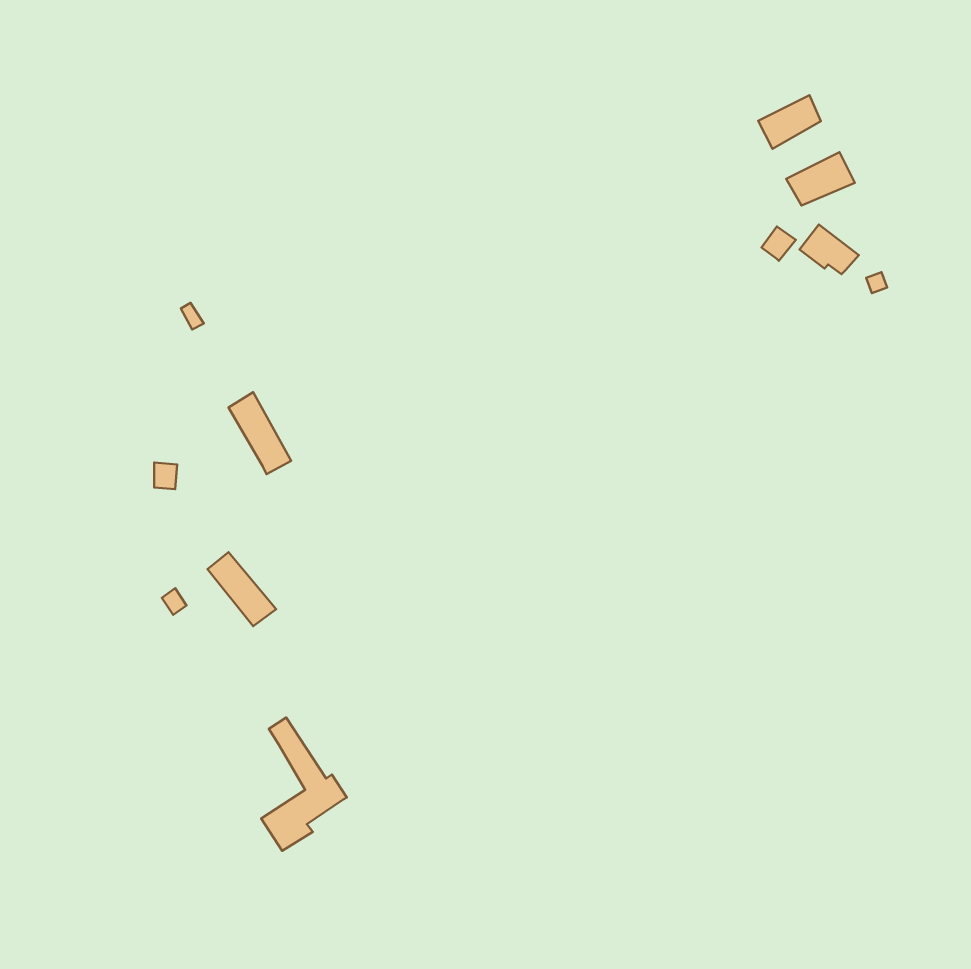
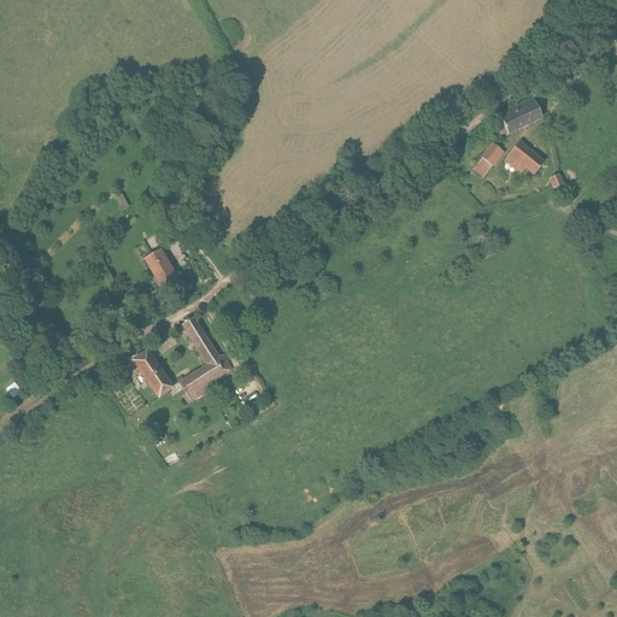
building: [758,95,821,149] -> none
building: [261,718,347,851] -> [178,317,233,401]

